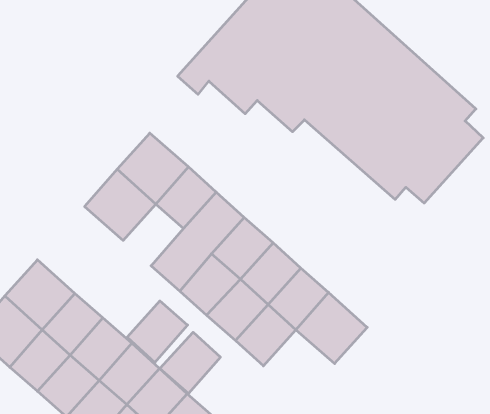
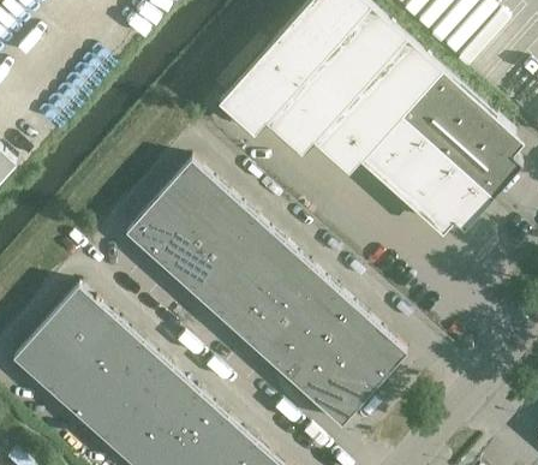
building: [127,301,188,363] -> [165,231,225,292]
building: none -> [304,356,375,427]
building: [160,332,220,394] -> none

